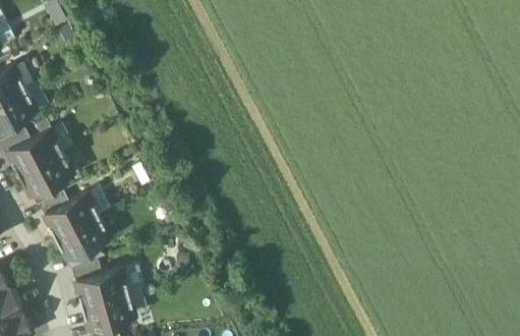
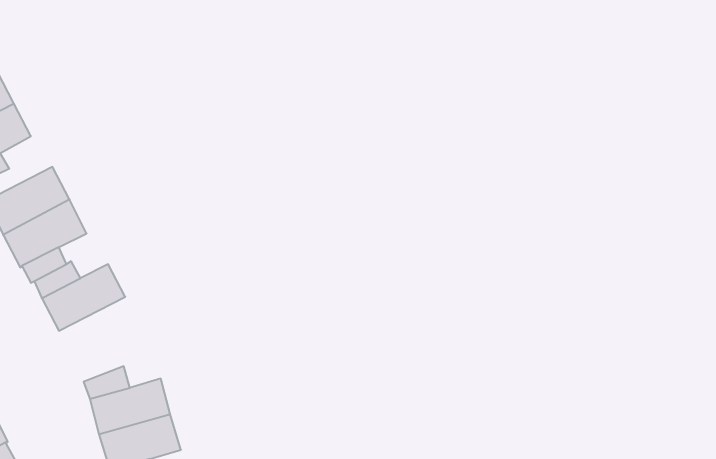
building: [55,211,110,255] -> none

